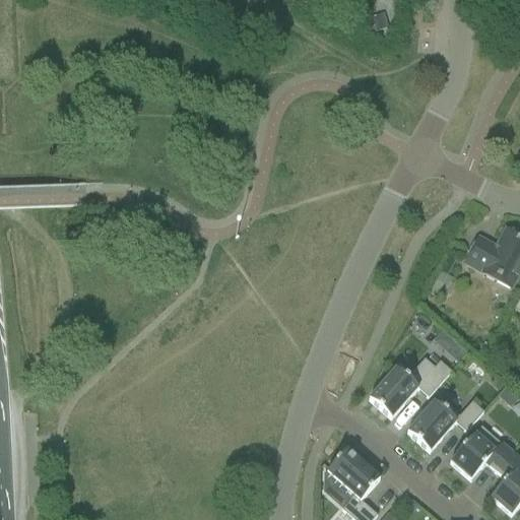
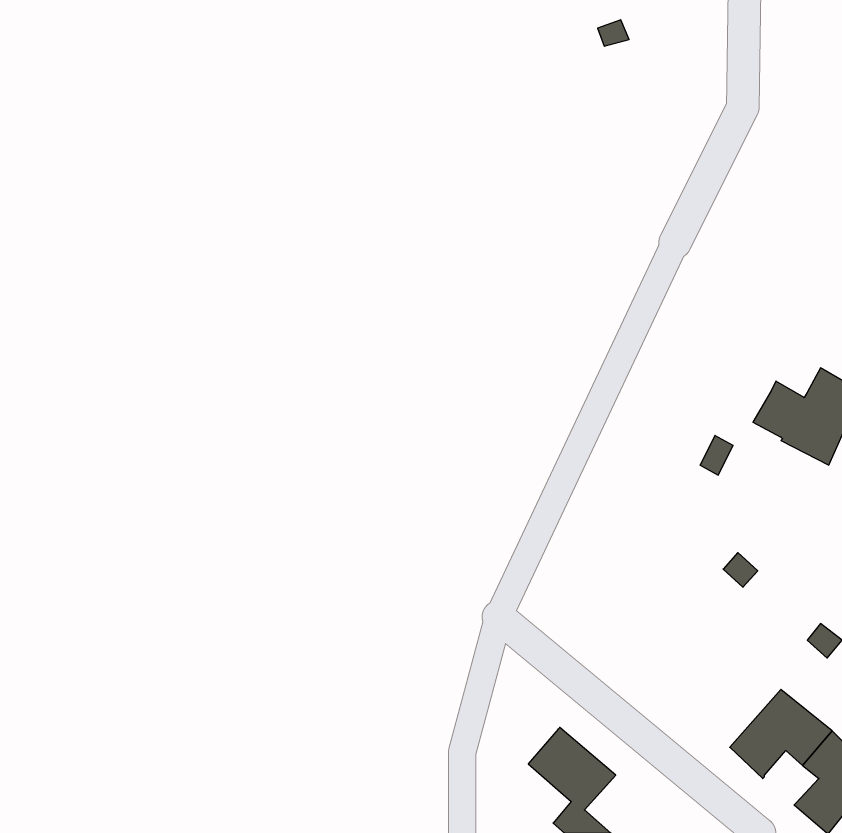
building: [369,356,451,417] -> none
building: [406,395,483,451] -> none

